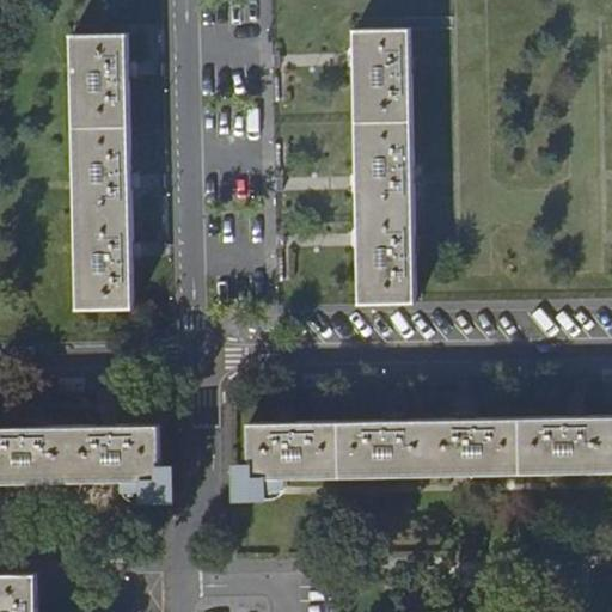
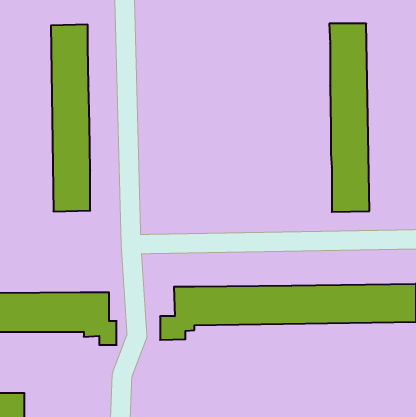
building: [353,32,411,307] -> [329,24,369,212]

